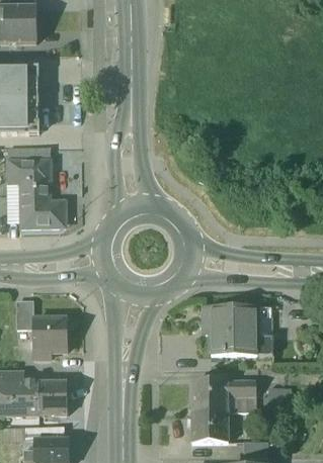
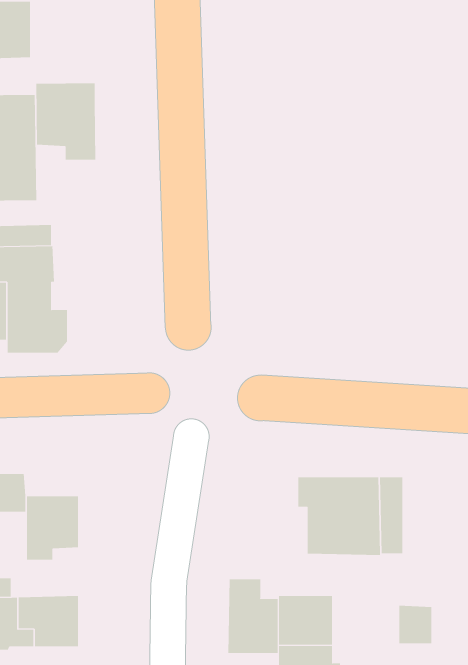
building: none -> [36,83,96,160]
building: none -> [228,578,278,654]
building: [227,380,258,411] -> none

